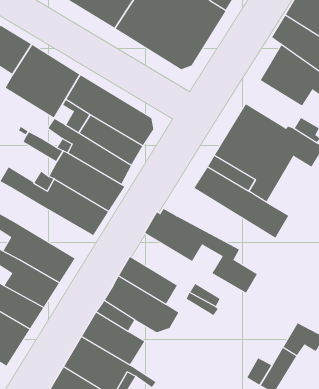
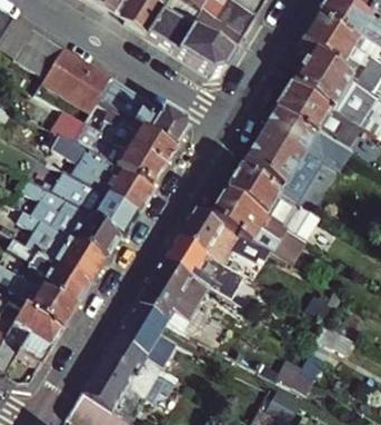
building: none -> [274,86,330,134]
building: none -> [38,192,121,263]
building: none -> [207,192,304,265]
building: none -> [160,237,222,289]

